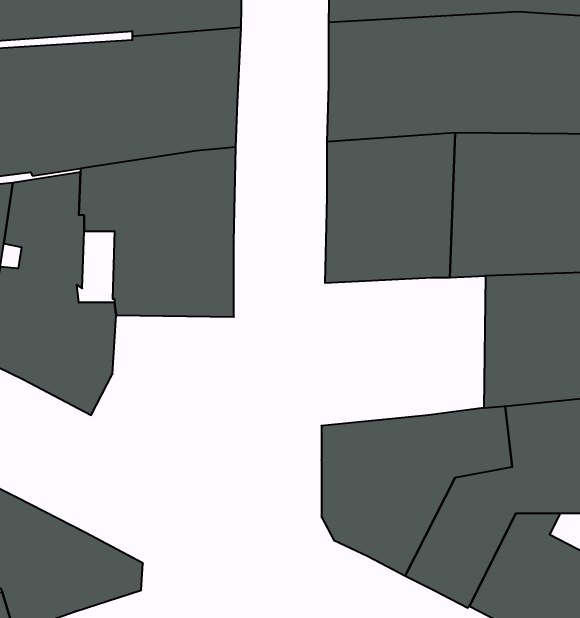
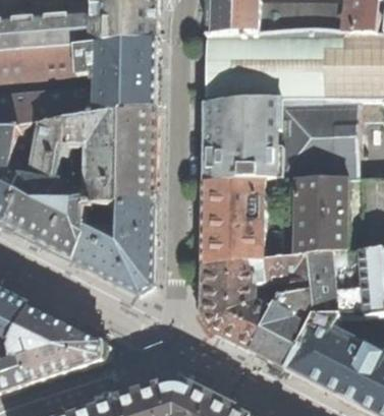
building: none -> [201,181,264,265]
building: none -> [69,202,151,294]

